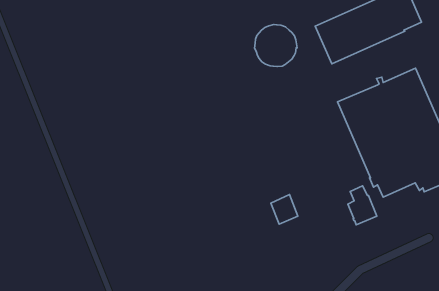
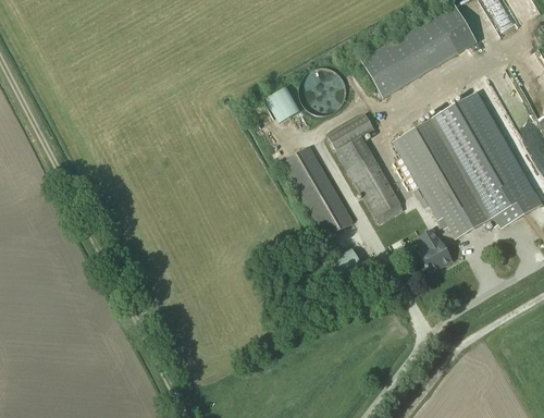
building: none -> [267,86,300,122]
building: none -> [329,113,406,223]
building: none -> [283,146,354,236]

